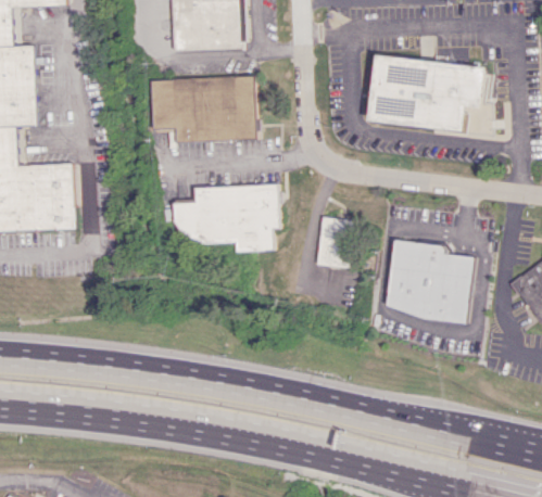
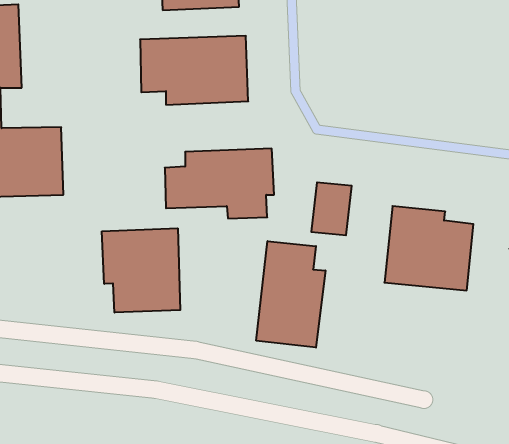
building: [369,55,490,133] -> none
building: none -> [102,228,180,313]
building: none -> [256,241,325,348]

